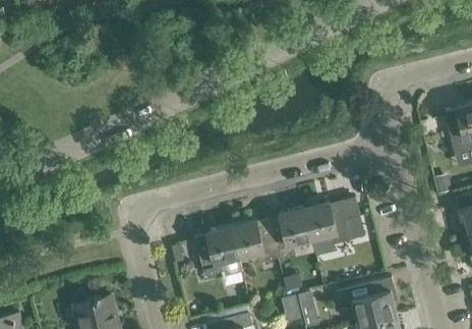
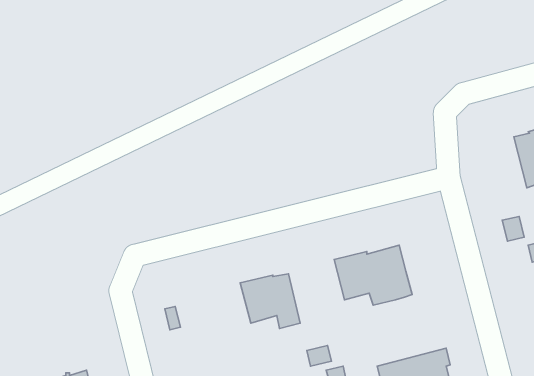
building: [269,209,312,259] -> none
building: [195,227,242,277] -> none

